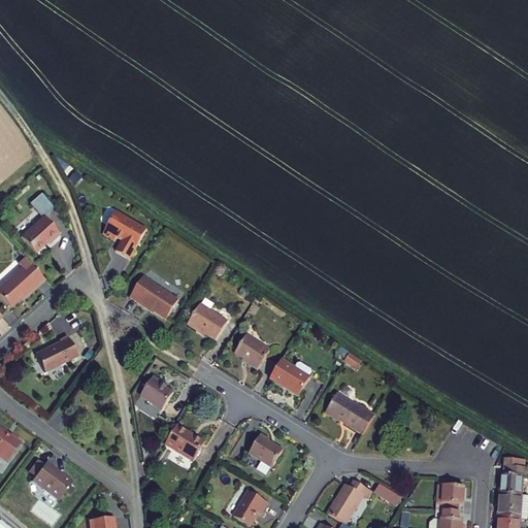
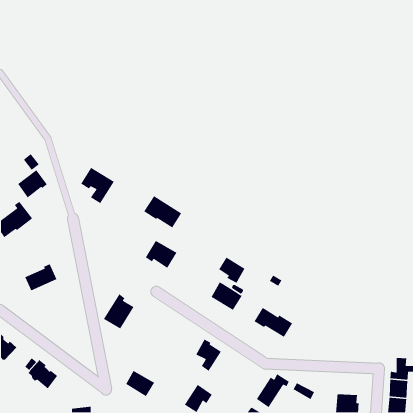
building: [129,275,178,318] -> [143,195,182,228]
building: [234,335,269,370] -> [218,256,246,284]
building: [168,422,206,457] -> [125,370,155,397]
building: [430,482,461,502] -> none

